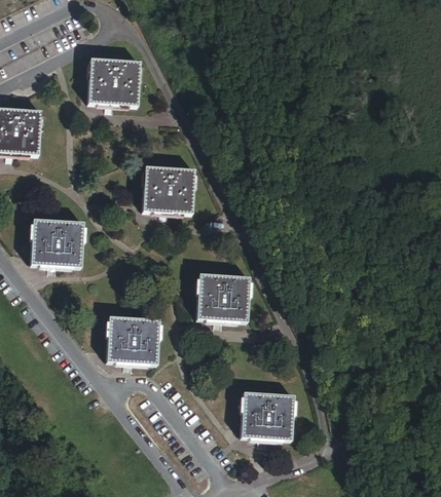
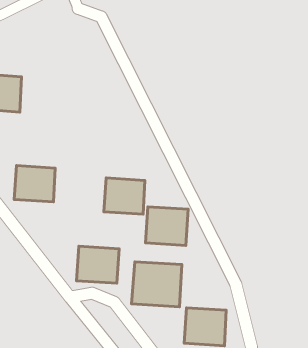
building: [86,59,139,105] -> none
building: [142,167,193,213] -> [104,178,145,214]
building: none -> [132,262,182,307]

